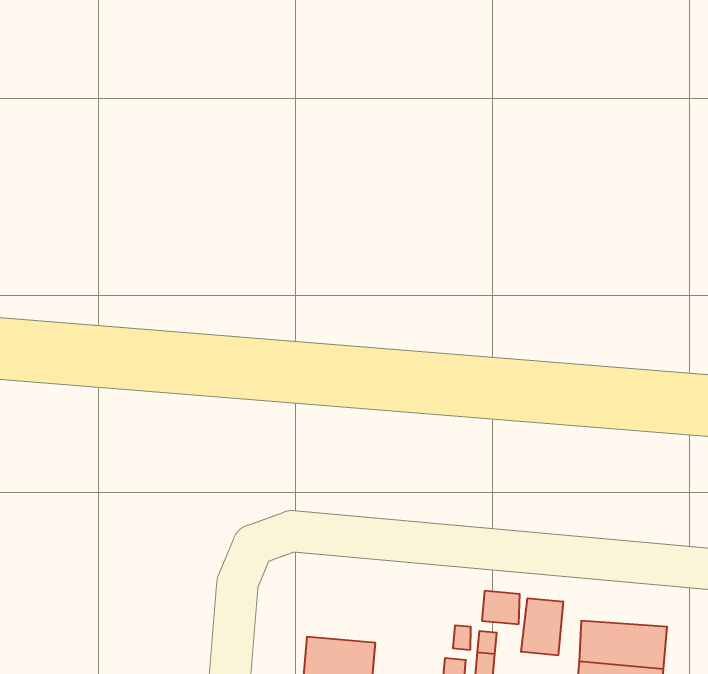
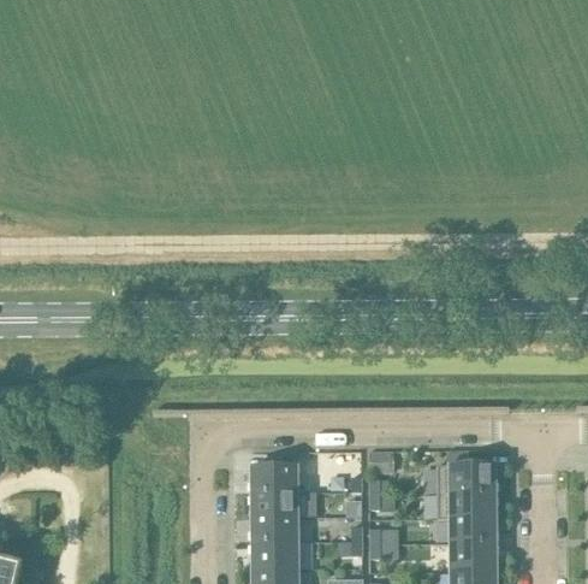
building: none -> [250,468,298,495]
building: [521,598,563,655] -> none

